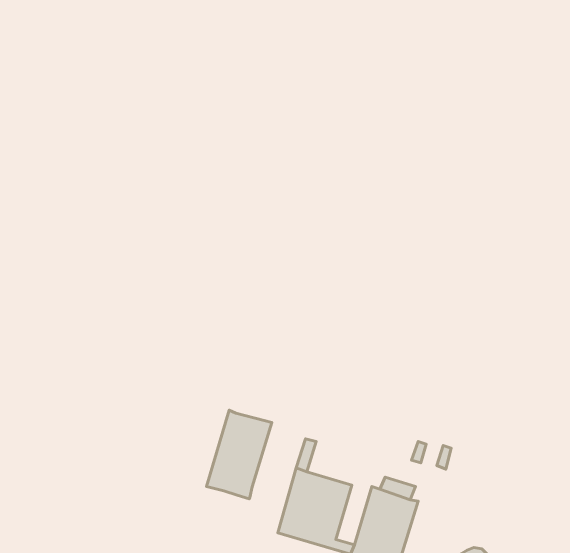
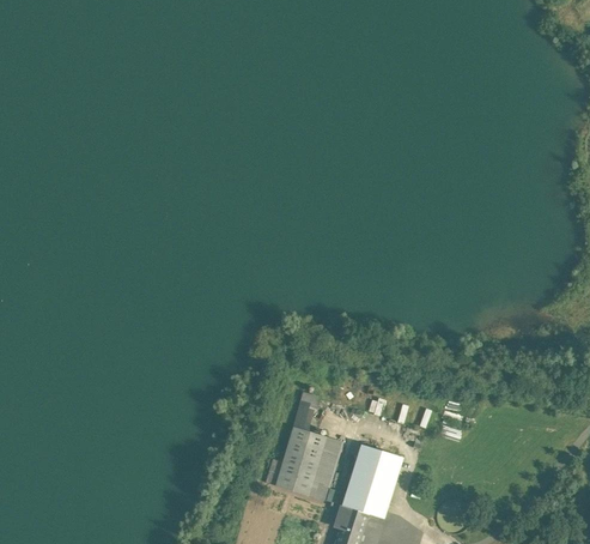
building: [206,410,272,499] -> none

